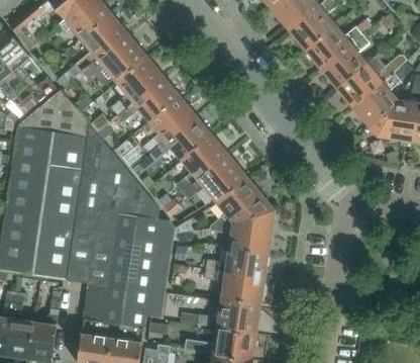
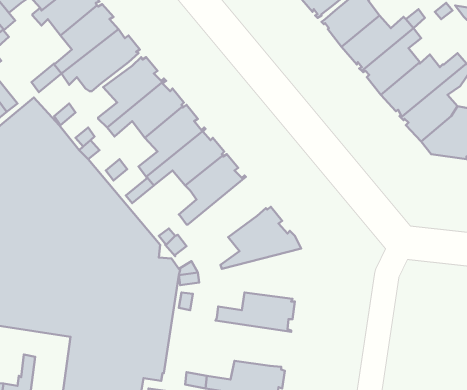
building: [183,155,244,200] -> none
building: [210,212,275,253] -> none
building: [204,270,266,303] -> none

